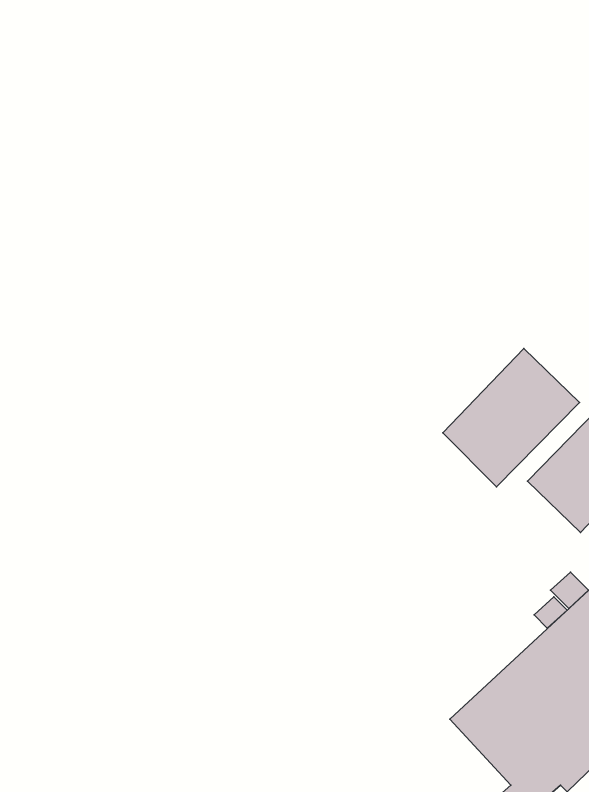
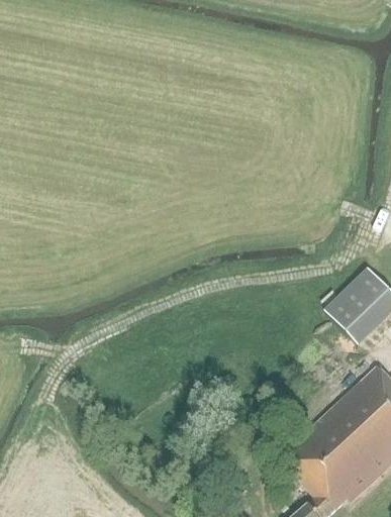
building: [443,349,579,487] -> none

